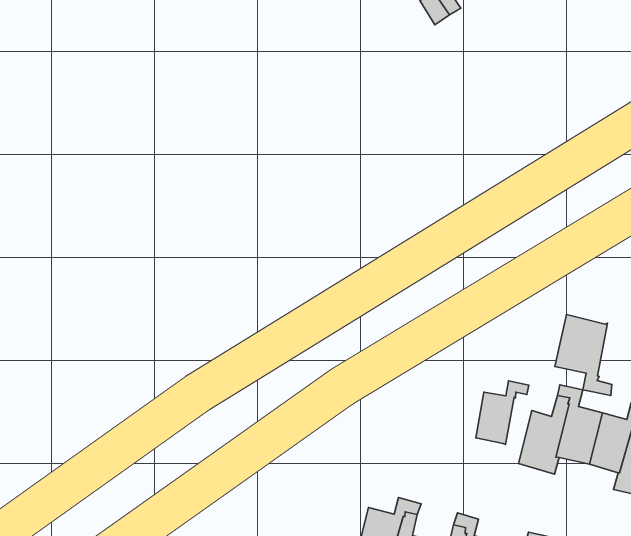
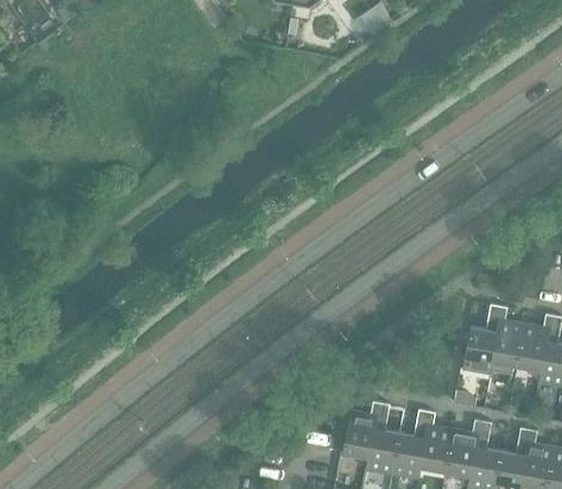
building: [555,314,612,395] -> none
building: [476,381,529,444] -> none

